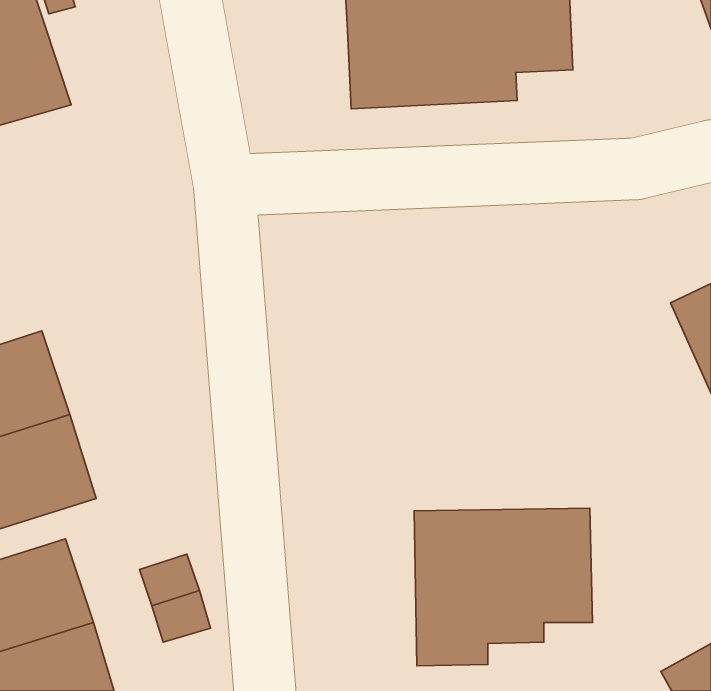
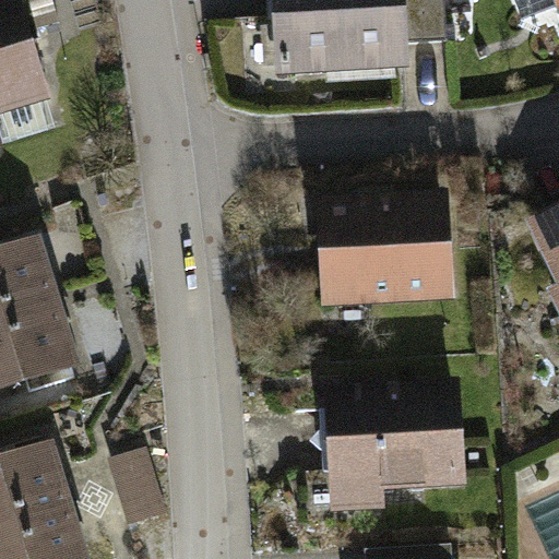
building: none -> [312,210,450,306]

